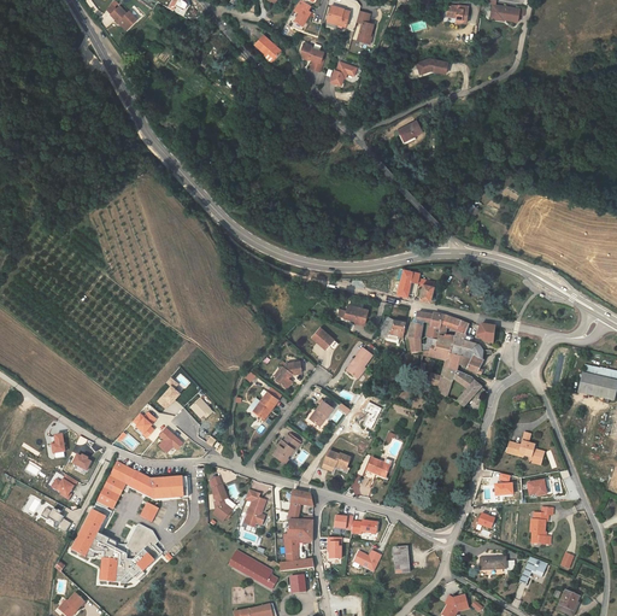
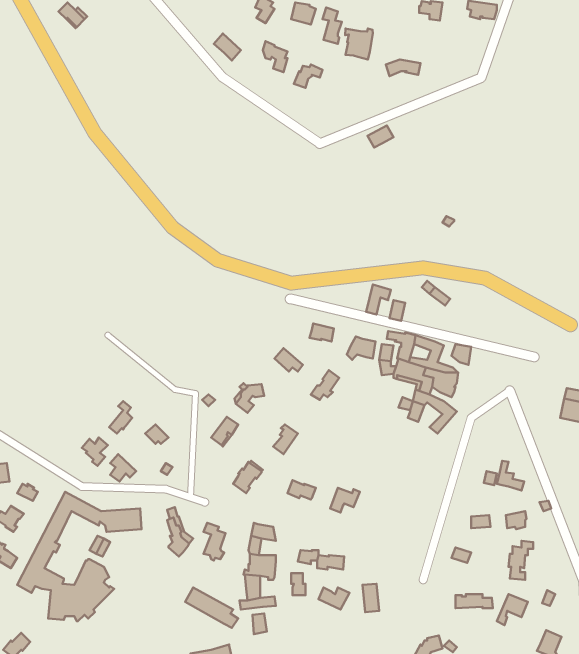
building: none -> [345,29,373,60]

